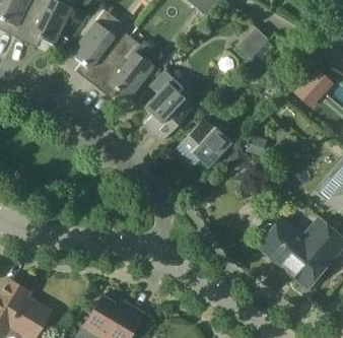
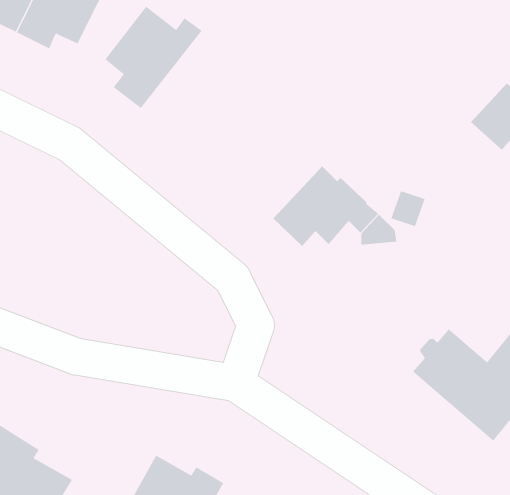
building: [234,27,269,62] -> none
building: [93,37,154,99] -> none
building: [145,71,194,141] -> none

